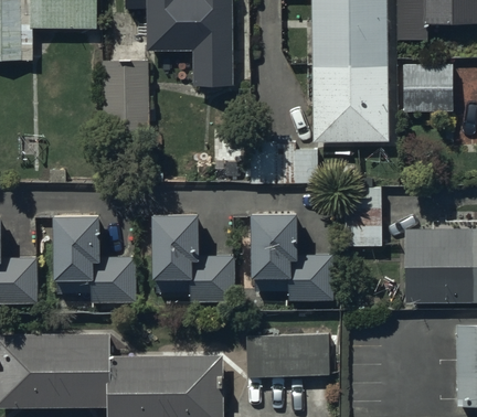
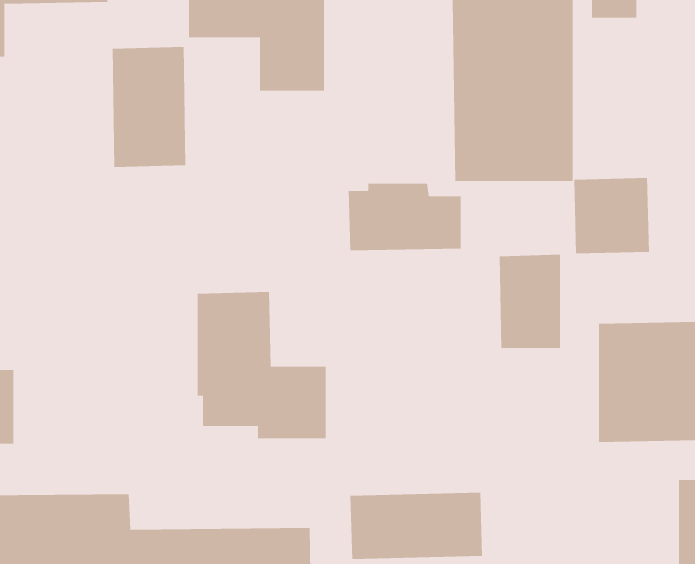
building: [402,63,449,110] -> [573,178,650,254]
building: [253,210,335,302] -> none
building: [54,214,137,304] -> none

